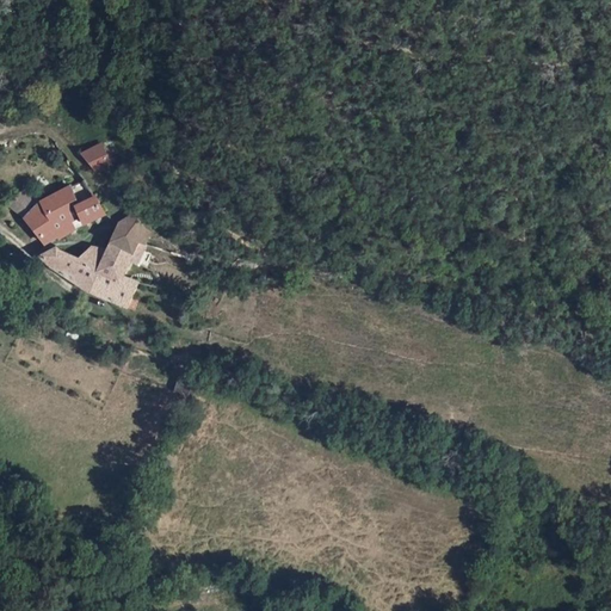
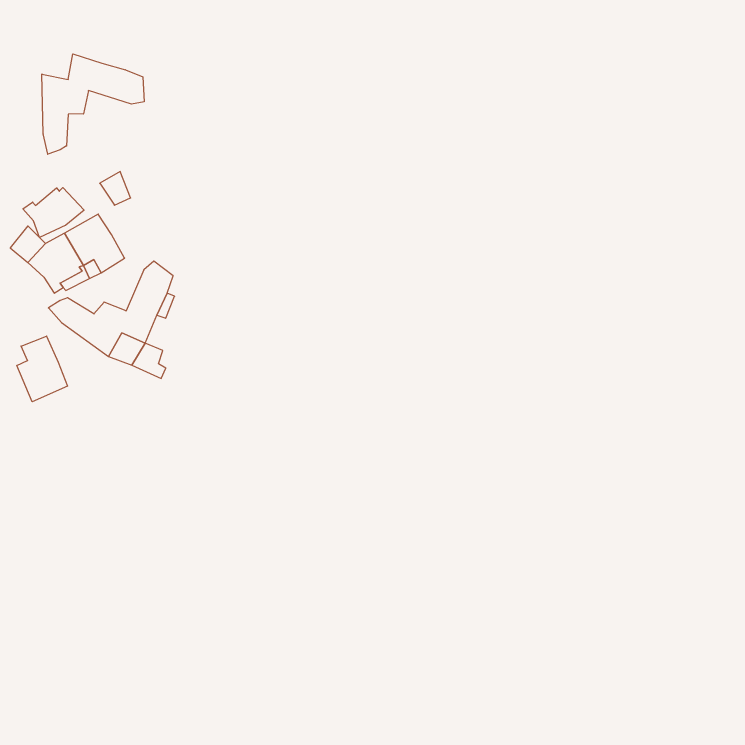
building: none -> [42,54,144,154]
building: none -> [23,188,84,238]
building: none -> [17,336,67,402]

